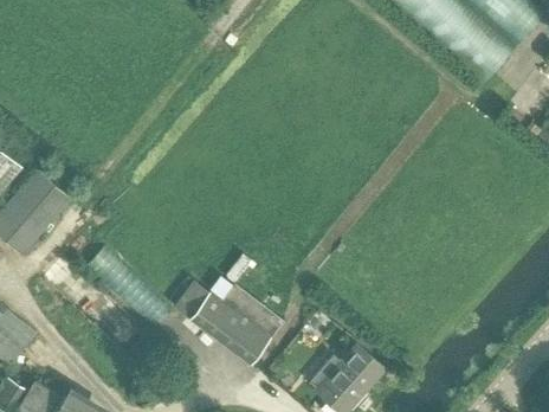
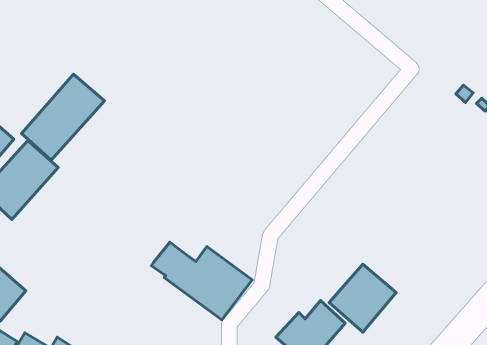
building: none -> [22,74,105,160]
building: none -> [329,264,396,332]

